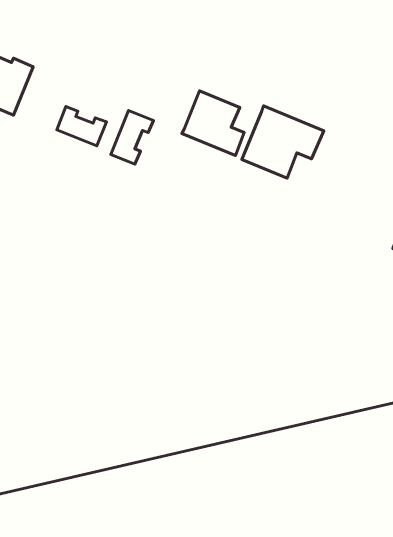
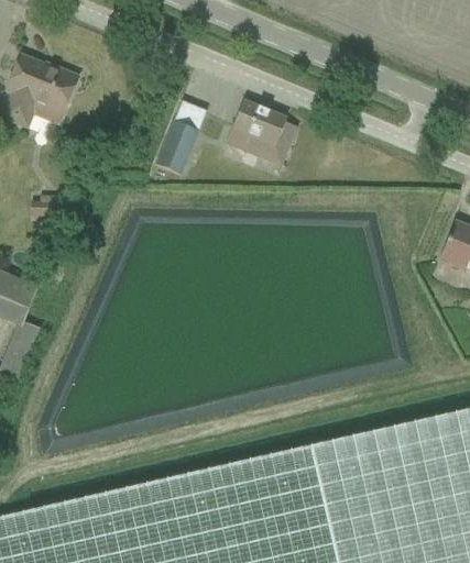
building: [242,106,324,178] -> none
building: [57,107,107,146] -> none

